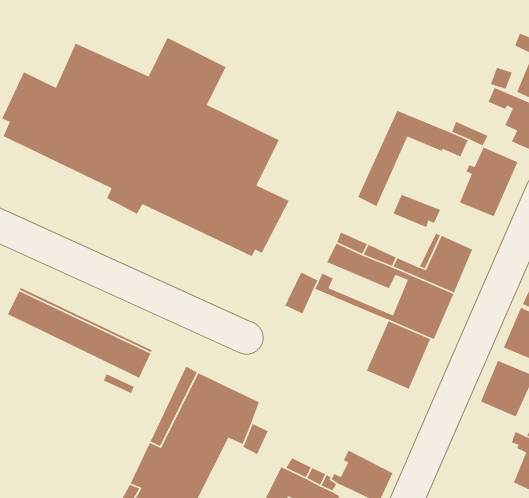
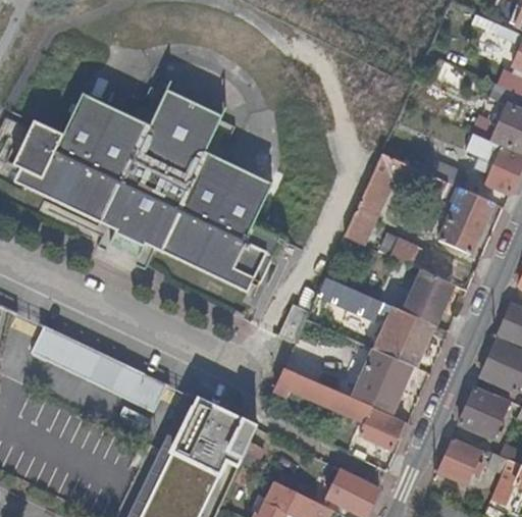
building: none -> [274,370,406,452]
building: none -> [436,440,489,487]

